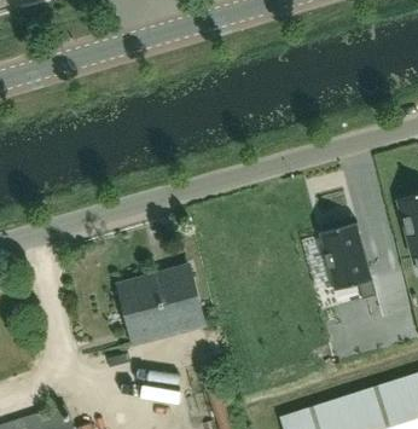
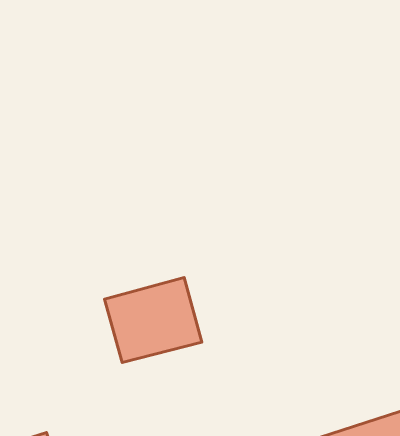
building: [319,221,376,297] -> none

